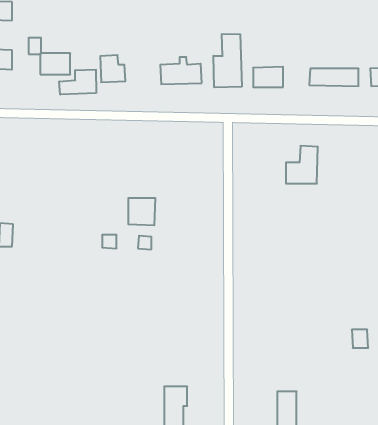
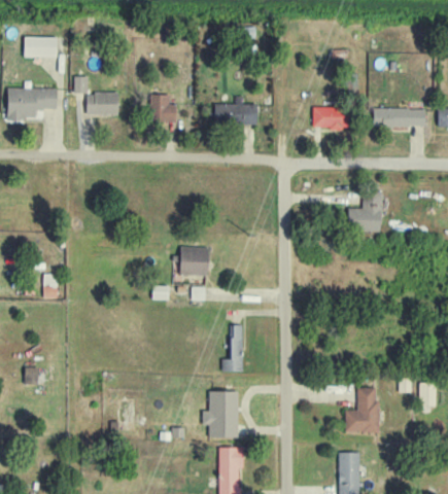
building: [213,34,242,87] -> none
building: [59,70,96,95] -> none
building: none -> [221,325,243,372]
building: none -> [345,388,379,433]
building: none -> [202,391,238,438]

